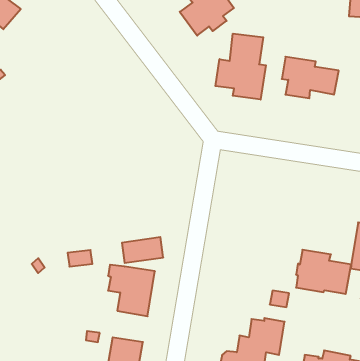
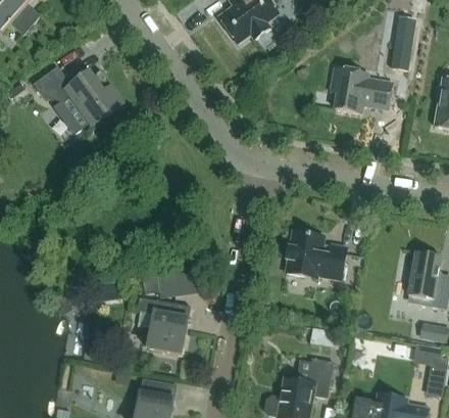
building: none -> [389,41,411,71]
building: [215,34,266,100] -> none
building: none -> [33,67,123,134]
building: [296,250,351,294] -> [286,231,347,280]

